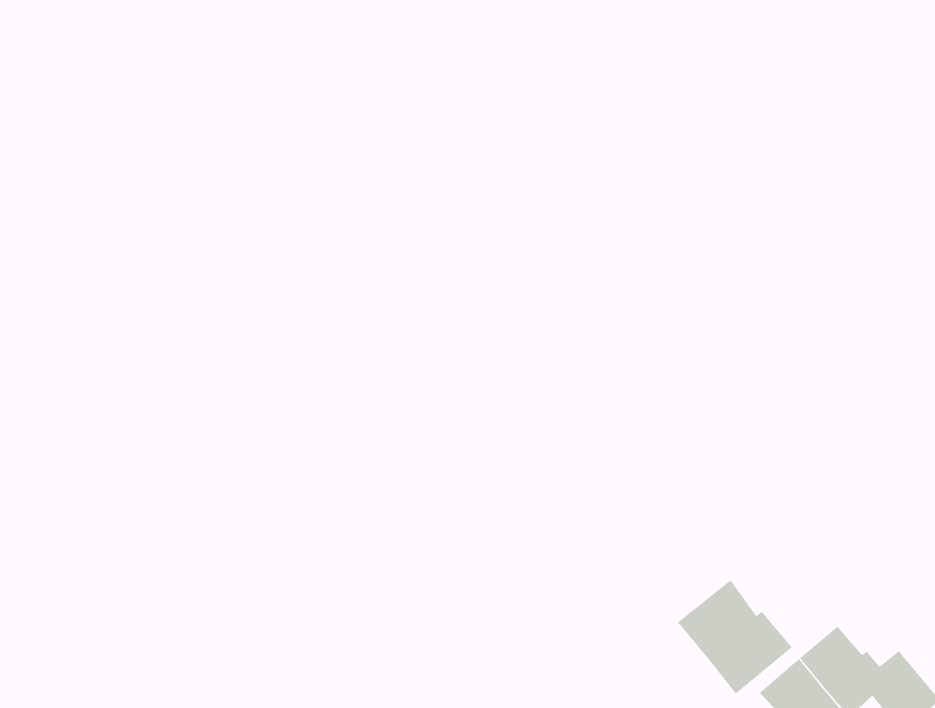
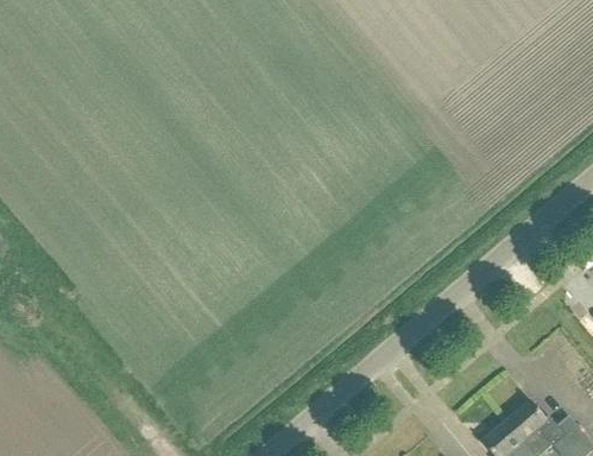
building: [677,580,793,694] -> none

